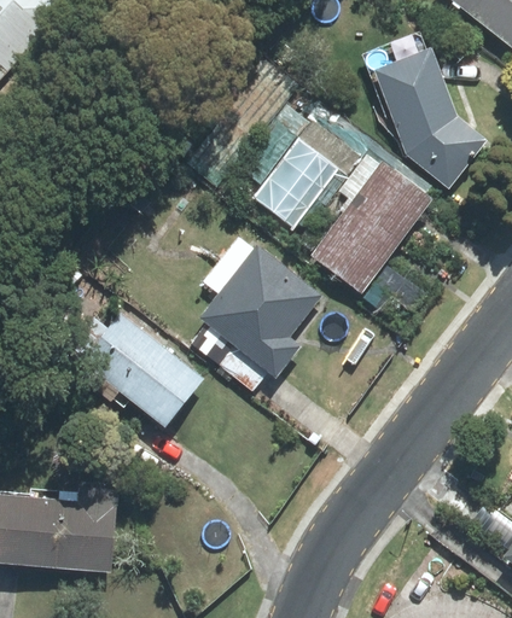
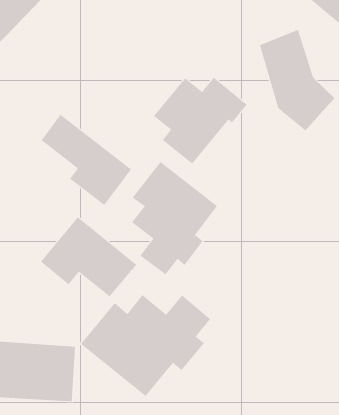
building: [310,153,438,296] -> none
building: none -> [41,114,132,206]
building: none -> [80,294,211,397]

